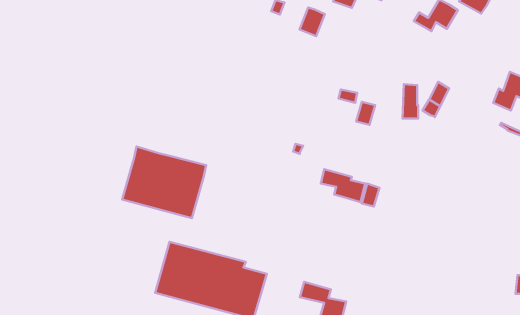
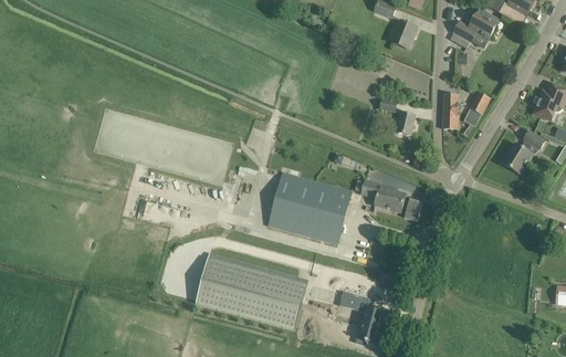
building: [299,7,325,36] -> [391,20,417,49]
building: none -> [502,130,544,172]
building: [122,146,206,218] -> [266,171,350,243]

